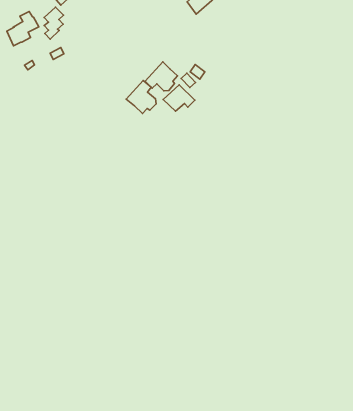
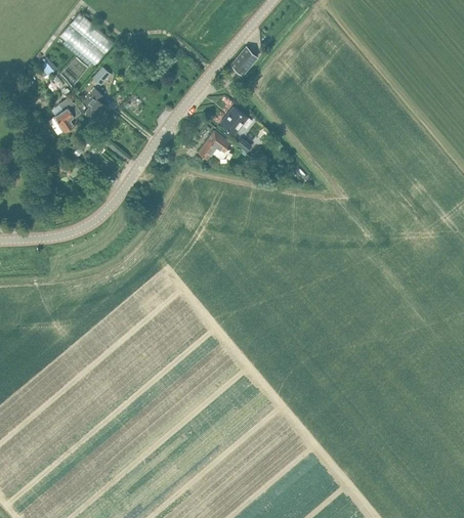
building: [126,81,156,114] -> none
building: [163,85,195,111] -> [218,107,251,135]

